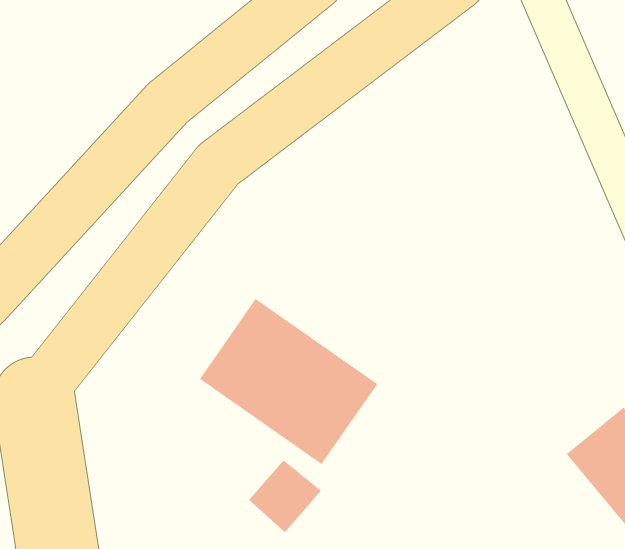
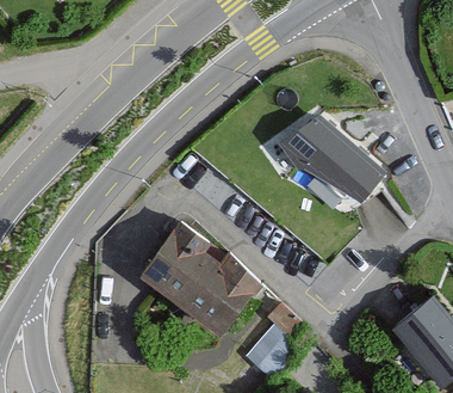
building: none -> [284,111,380,207]
building: [248,459,322,533] -> [244,330,294,380]

